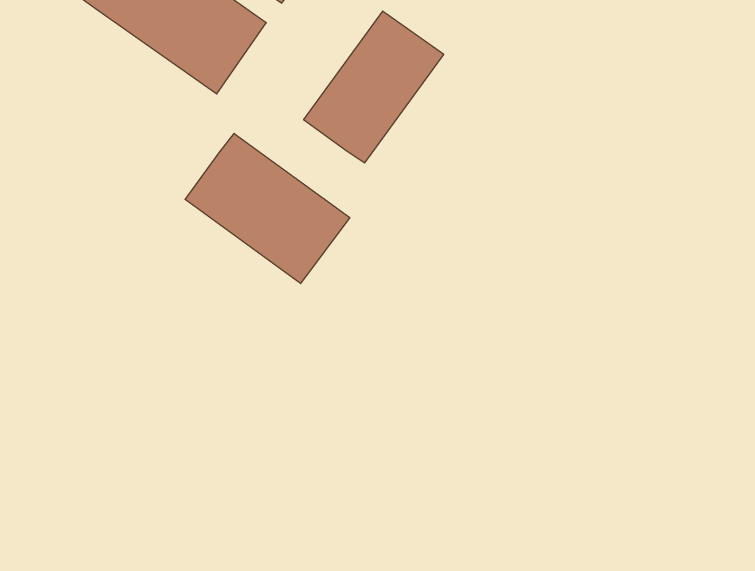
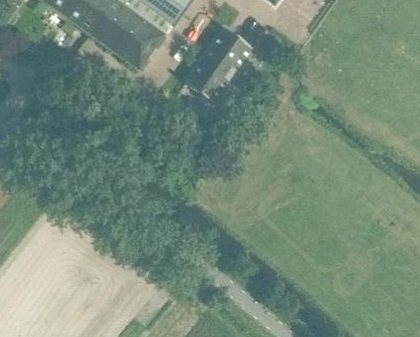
building: [185,133,350,284] -> none

